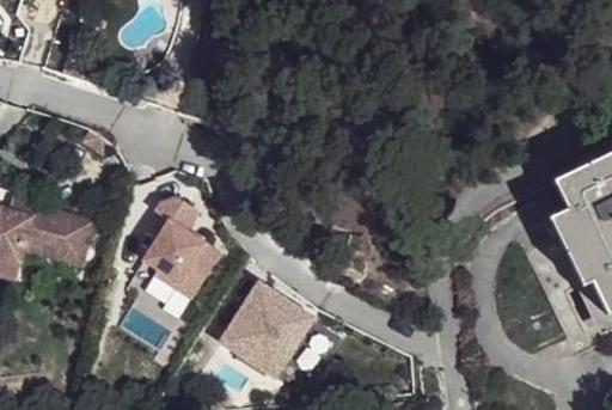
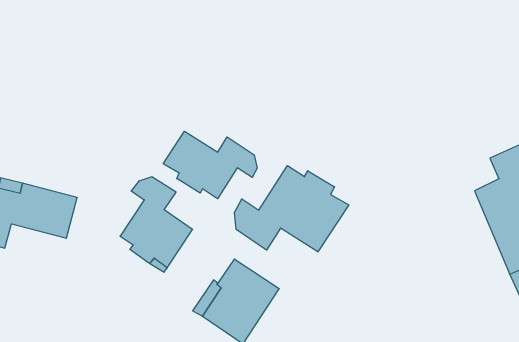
building: none -> [163,131,257,199]
building: none -> [234,166,349,252]

